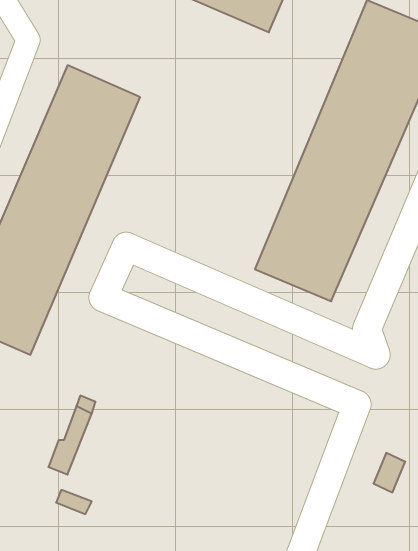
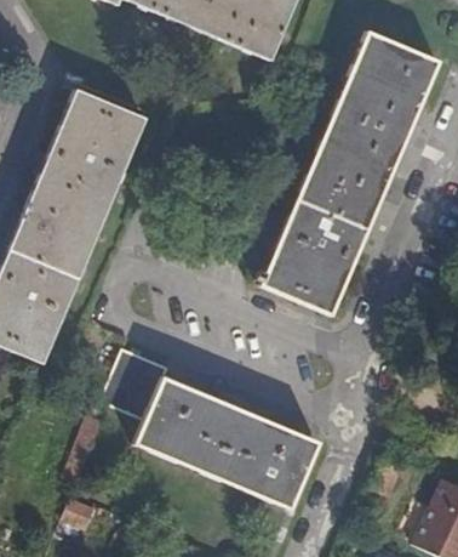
building: none -> [101,349,315,506]

